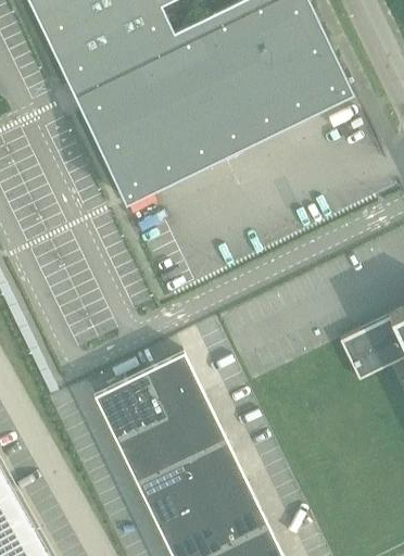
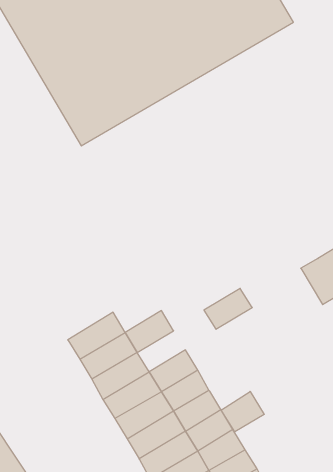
building: [142,353,192,394] -> none
building: [164,396,214,437] -> [204,288,252,329]
building: none -> [221,391,264,432]

